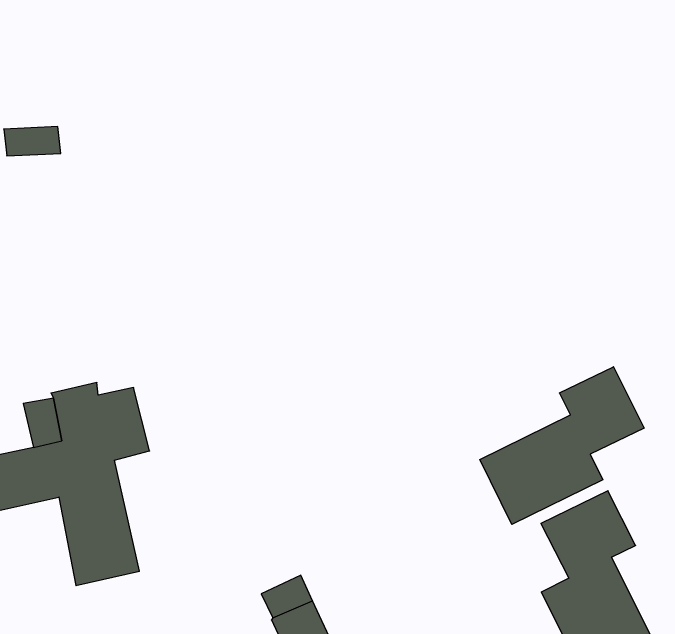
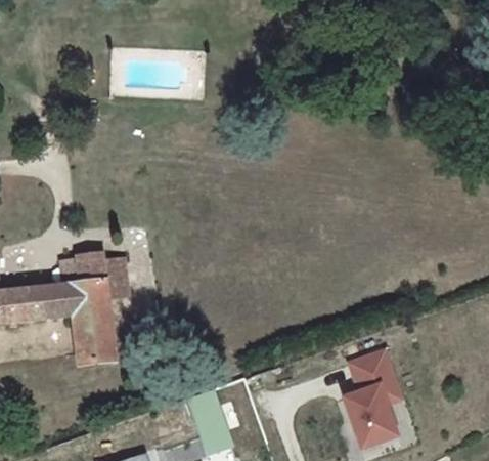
building: [480,367,644,524] -> none

